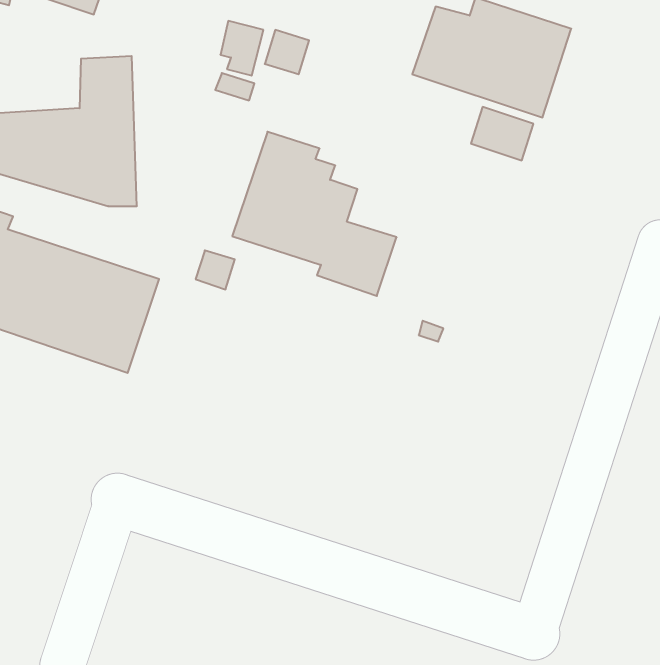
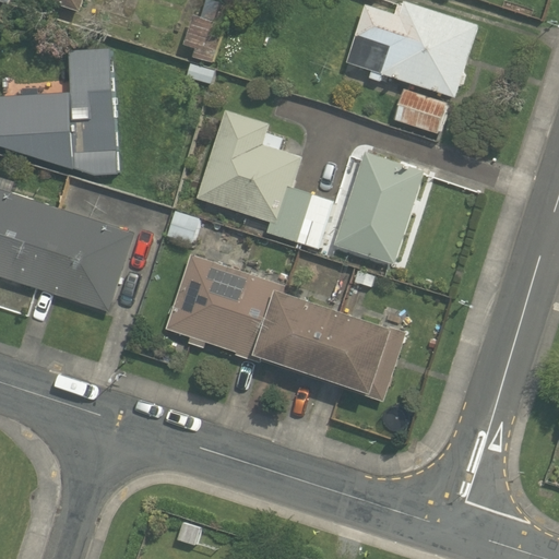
building: none -> [334,153,423,263]
building: none -> [164,253,406,401]

